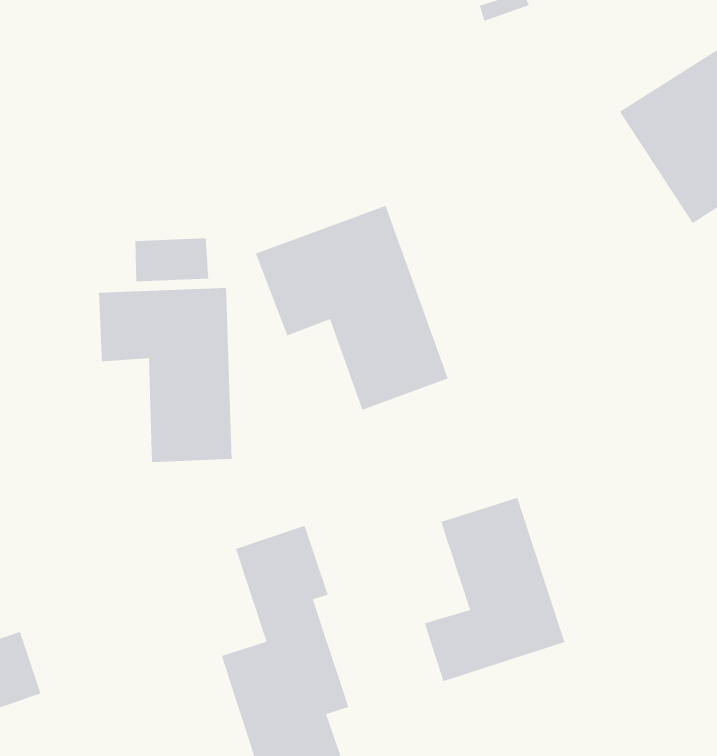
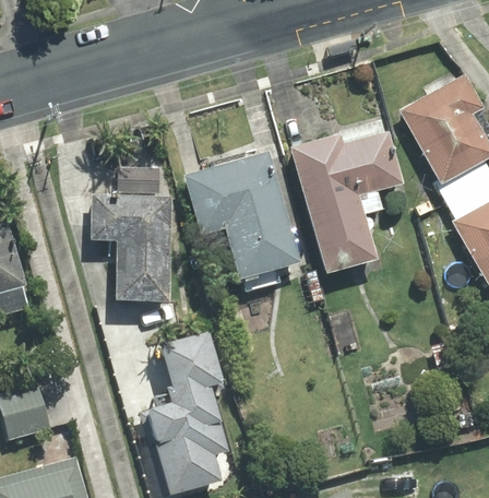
building: none -> [297,138,399,268]
building: [424,497,565,682] -> none

